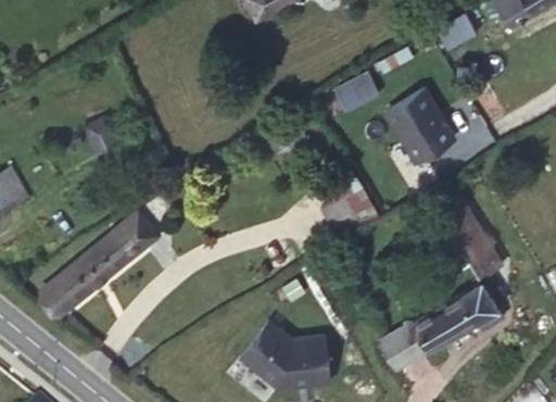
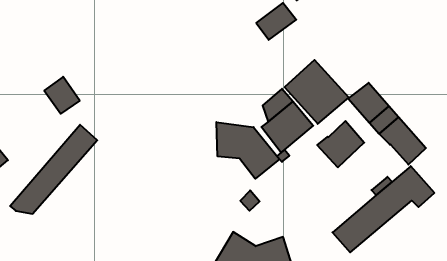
building: [384,89,455,162] -> [285,60,349,124]
building: none -> [216,122,279,179]
building: [45,214,155,305] -> [10,125,97,214]
building: none -> [317,121,364,167]

